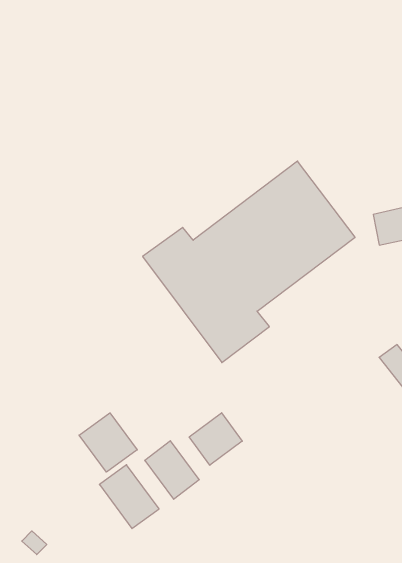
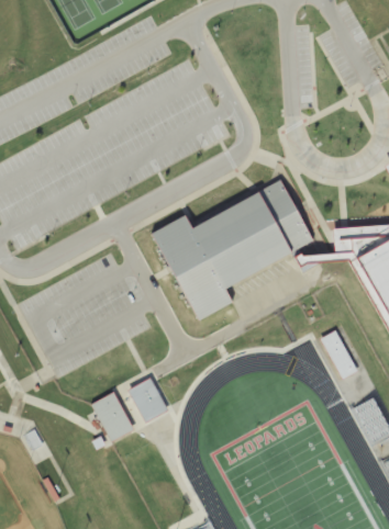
building: [189,413,242,465] -> none
building: [79,413,137,472] -> none

